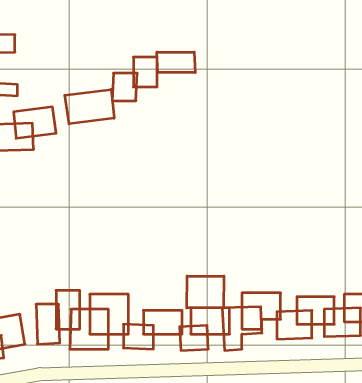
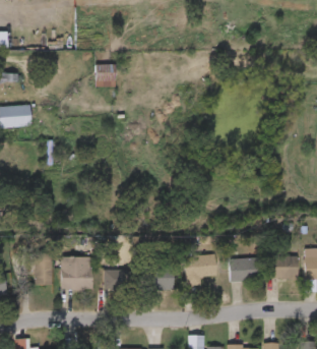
building: [157,52,195,73] -> none
building: [65,89,114,124] -> none
building: [187,276,224,308] -> none

